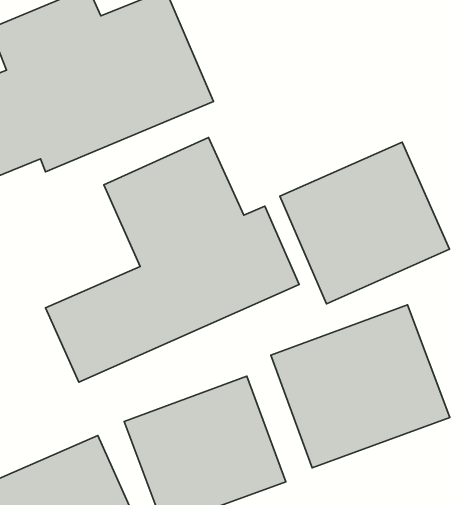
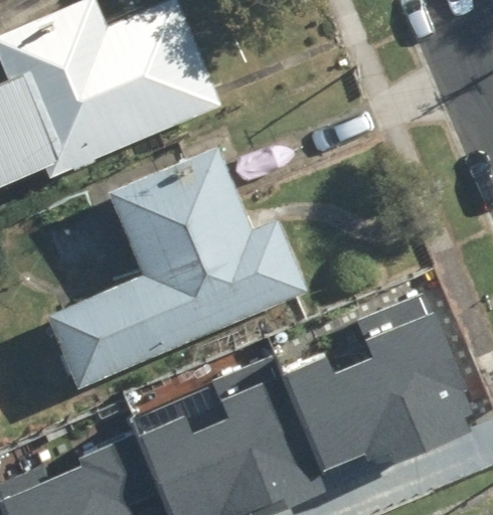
building: [280,142,450,304] -> none

